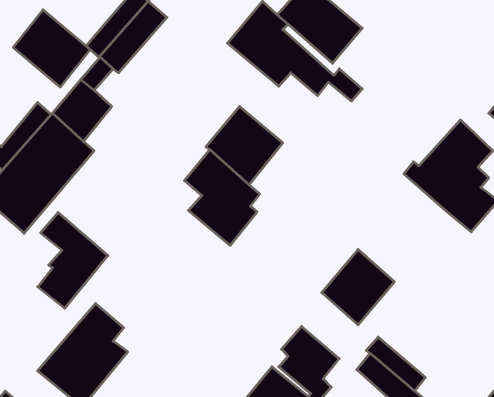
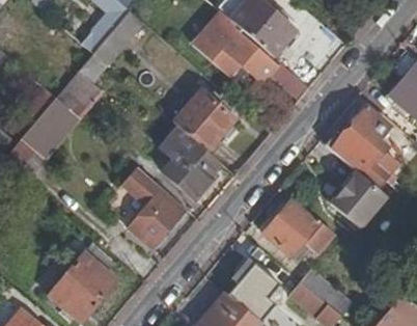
building: [13,10,90,87] -> none
building: none -> [333,170,388,225]
building: [38,212,108,308] -> [131,173,185,247]

